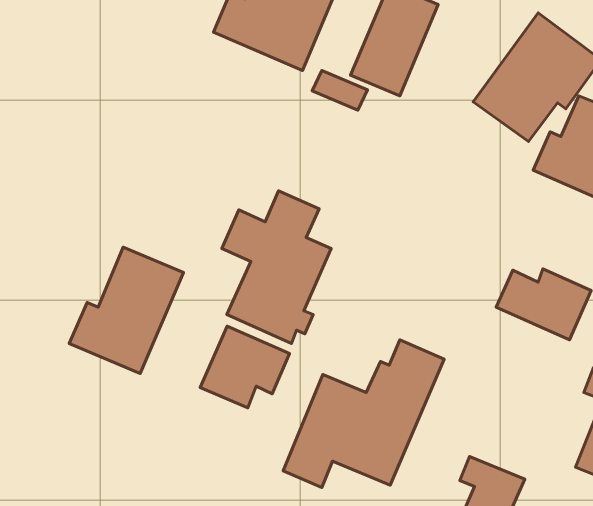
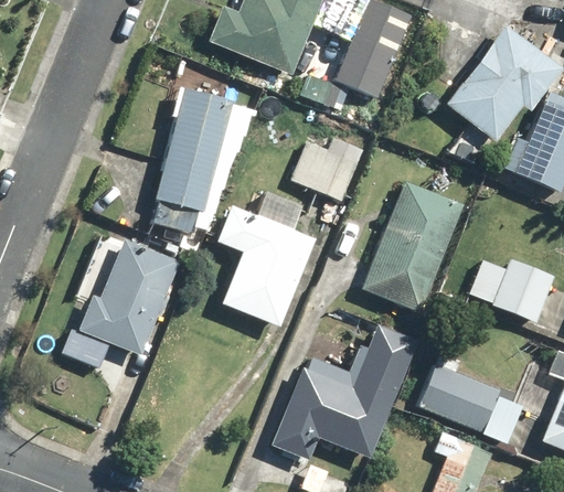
building: none -> [153,86,245,234]
building: none -> [289,133,362,202]
building: none -> [361,182,464,312]
building: [200,326,289,408] -> none
building: none -> [417,362,521,442]

